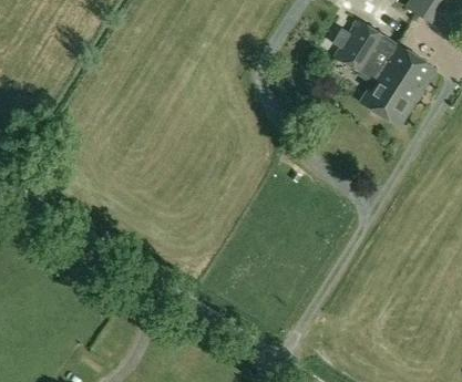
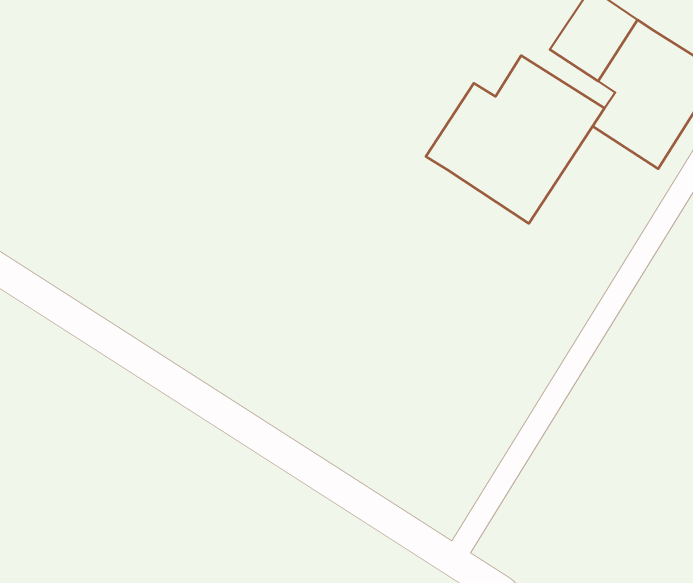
building: none -> [426,55,604,224]

